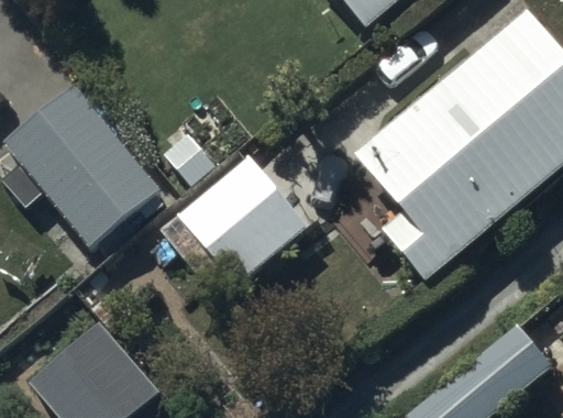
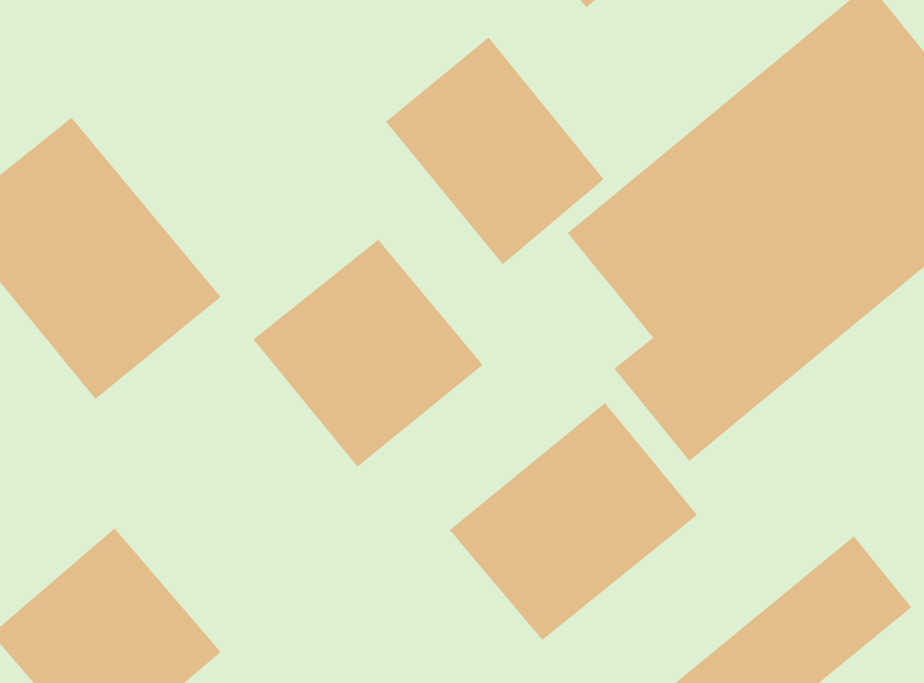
building: none -> [385,37,604,265]
building: none -> [449,402,698,641]

